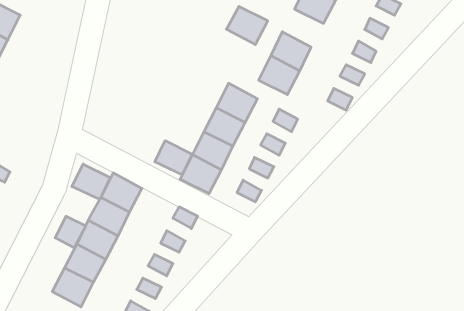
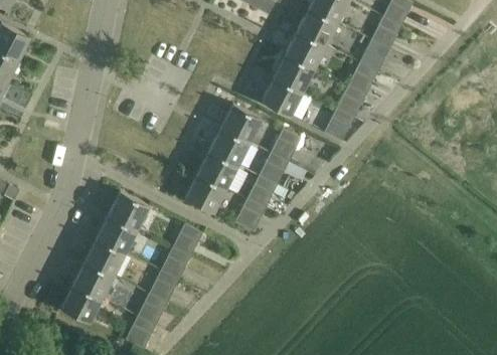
building: [226,6,268,45] -> [285,32,325,69]
building: [155,141,192,175] -> none
building: [72,164,110,200] -> none
building: [55,216,86,248] -> none

